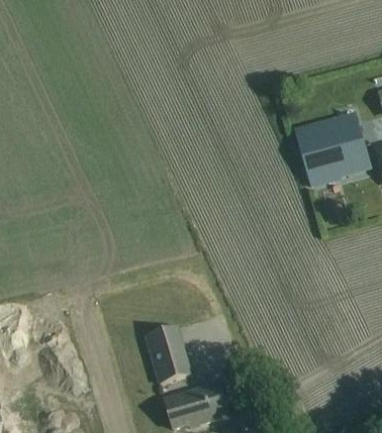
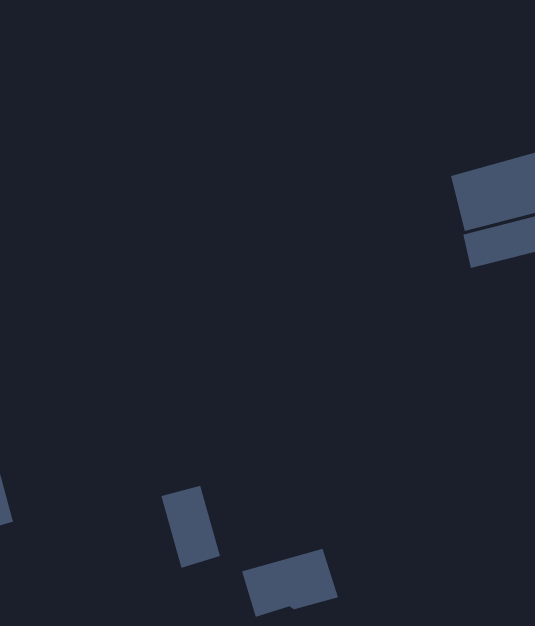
building: [146,325,185,380] -> [161,485,221,569]

